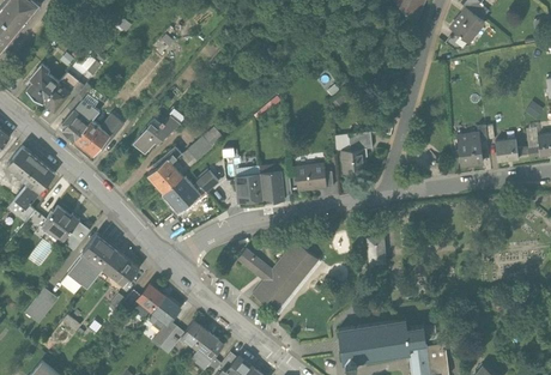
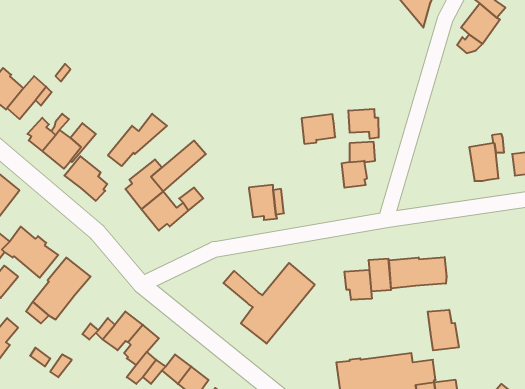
building: none -> [348,109,379,139]
building: none -> [64,156,107,201]
building: [296,163,326,189] -> [302,114,335,144]
building: [236,174,264,201] -> none
building: none -> [389,257,446,288]
building: none -> [344,270,372,300]
building: [104,250,139,286] -> none
building: none -> [428,310,459,350]

